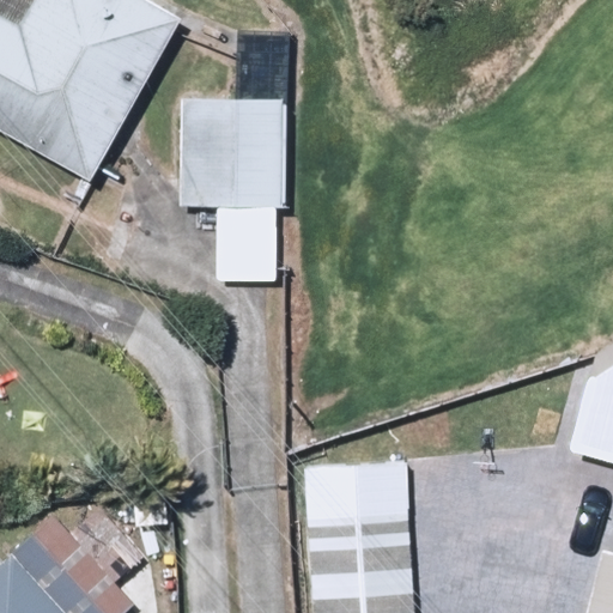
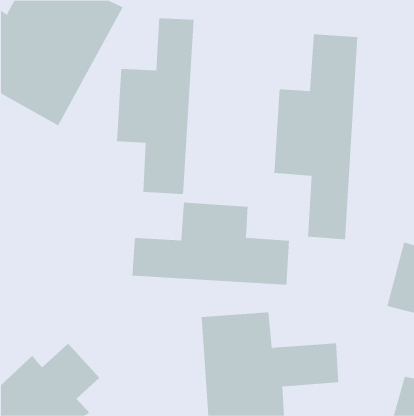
building: none -> [274,34,358,240]
building: none -> [132,202,290,285]

